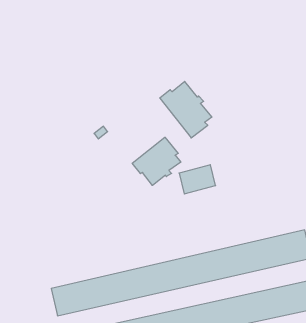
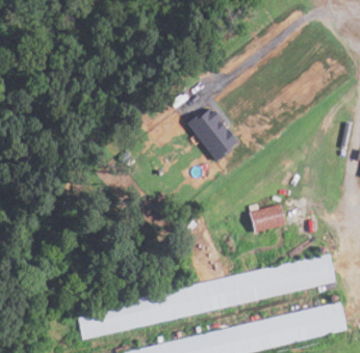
building: [132,137,181,185] -> none
building: [179,165,216,194] -> [250,205,286,234]

